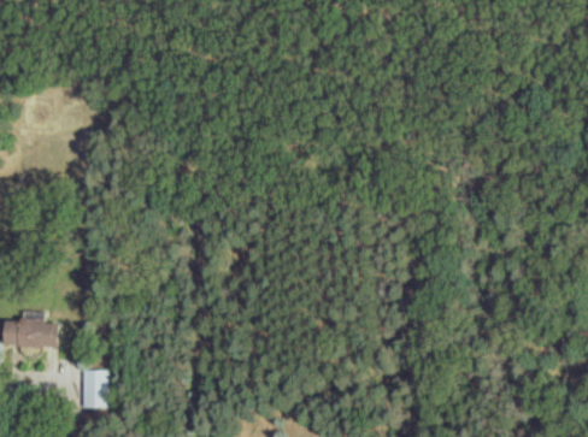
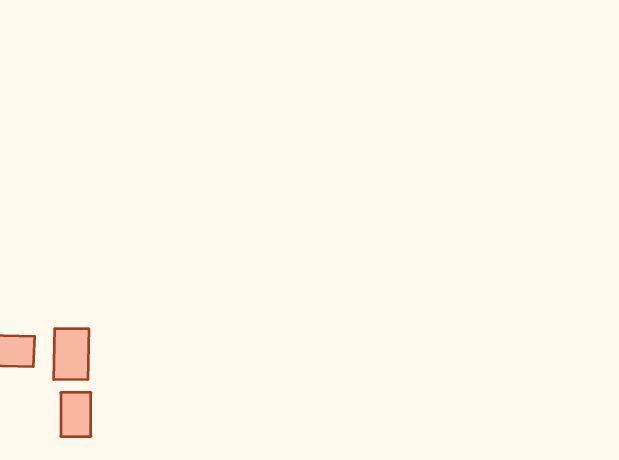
building: none -> [54,329,89,380]

